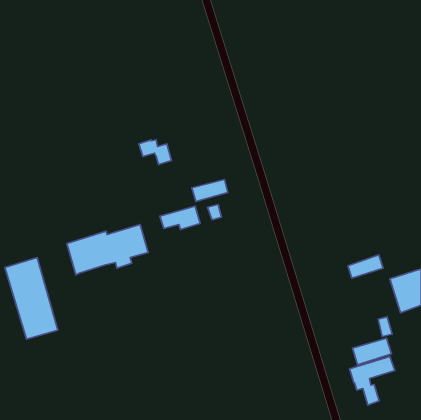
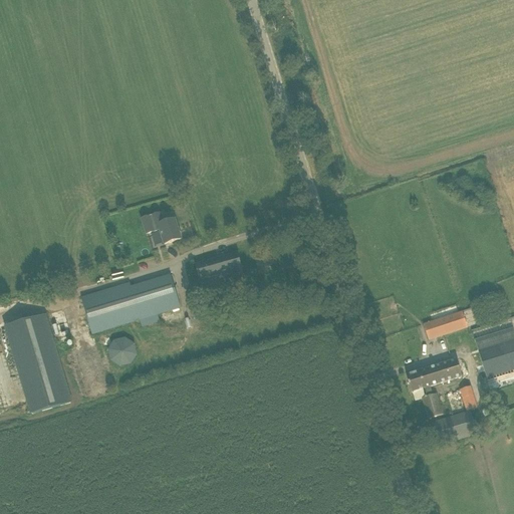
building: [139,140,172,165] -> [141,213,181,243]
building: [192,179,228,201] -> none
building: none -> [108,336,137,365]
building: [350,356,395,405] -> [407,358,462,418]

